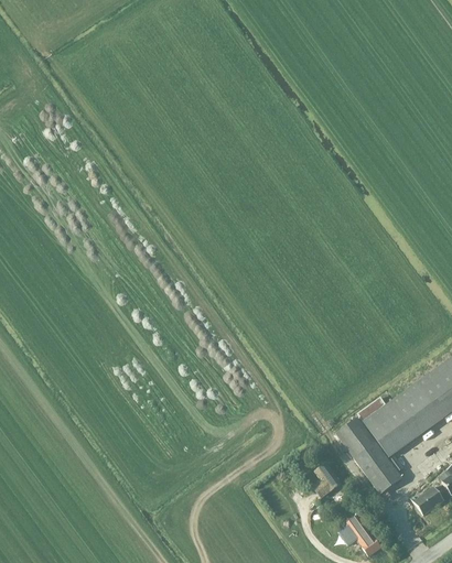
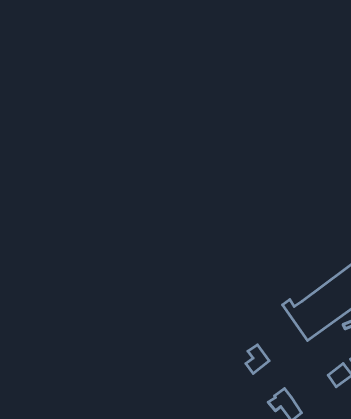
building: [335,416,402,492] -> none

